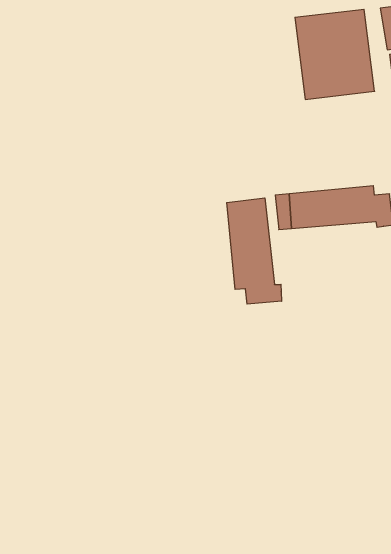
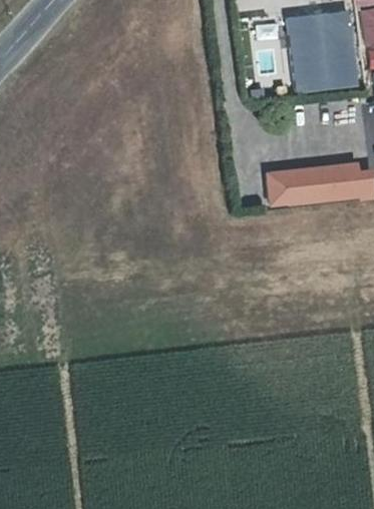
building: [227,198,282,304] -> none

